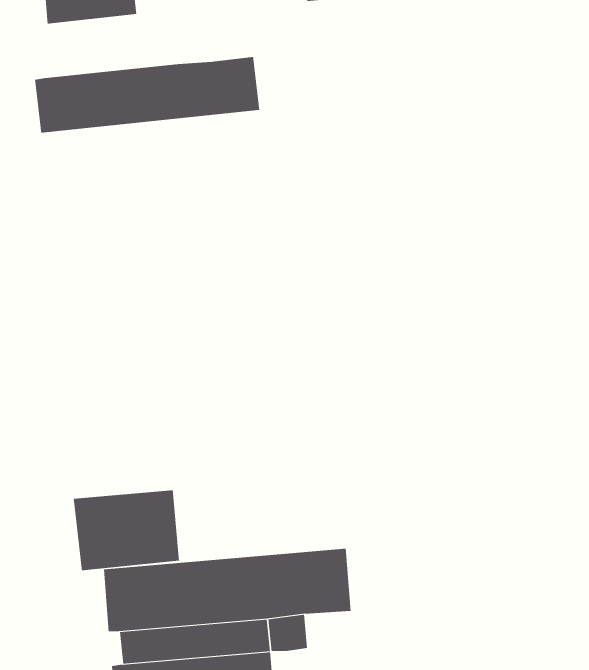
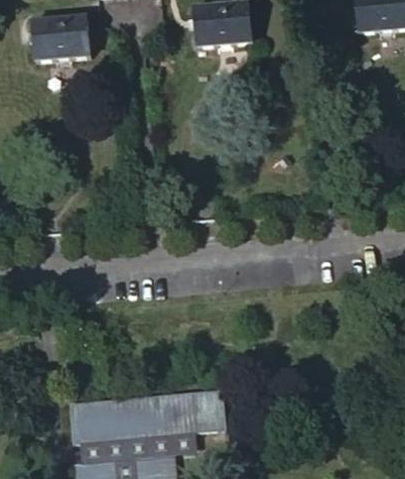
building: [35,56,260,134] -> none
building: [73,490,180,571] -> none

